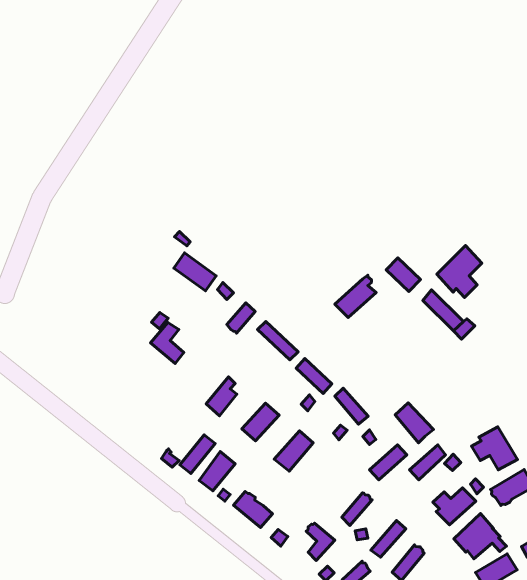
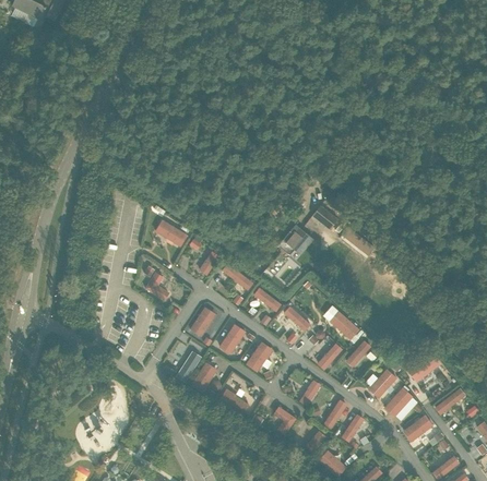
building: [437,245,482,297] -> none
building: [472,427,517,470] -> none

